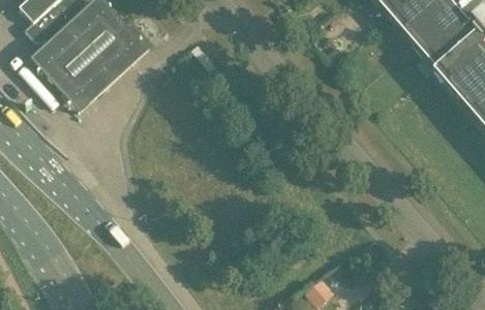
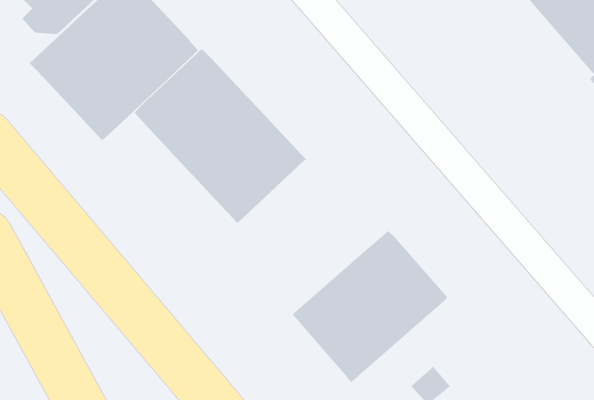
building: none -> [134,48,307,224]
building: none -> [292,230,448,383]

